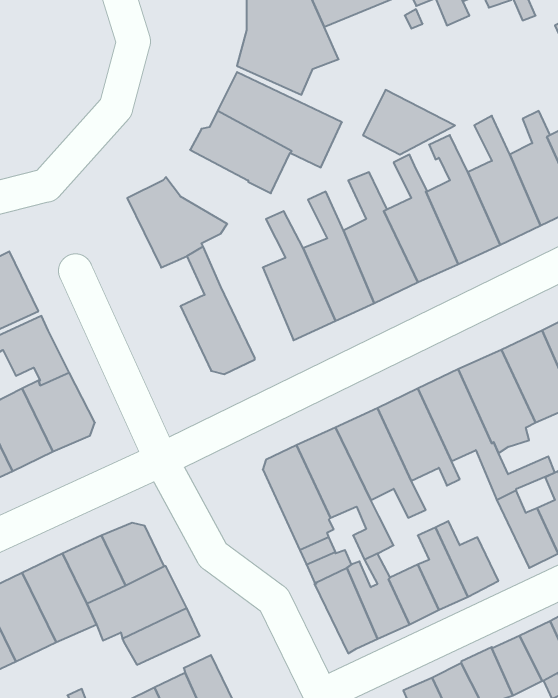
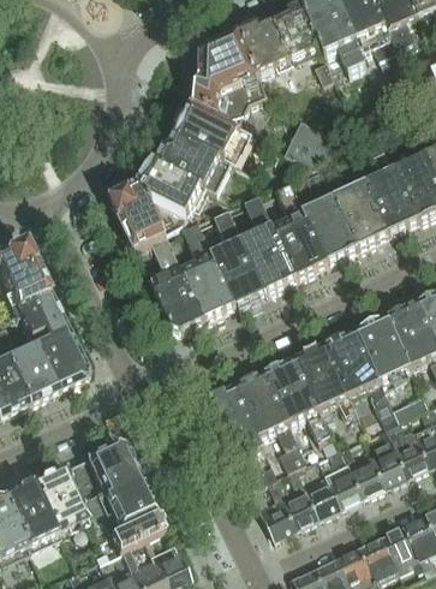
building: none -> [139,161,201,219]
building: none -> [180,222,234,319]
building: none -> [371,424,410,484]

